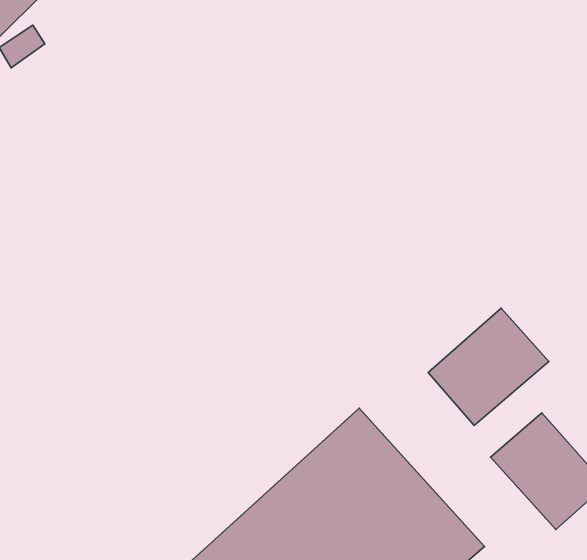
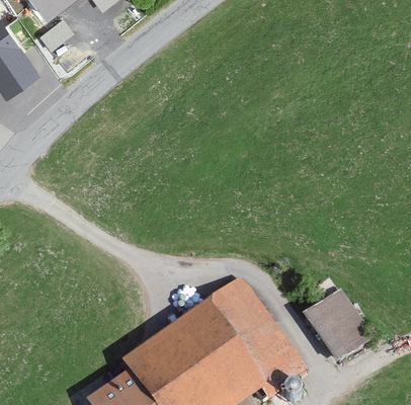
building: [428,308,549,425] -> none

